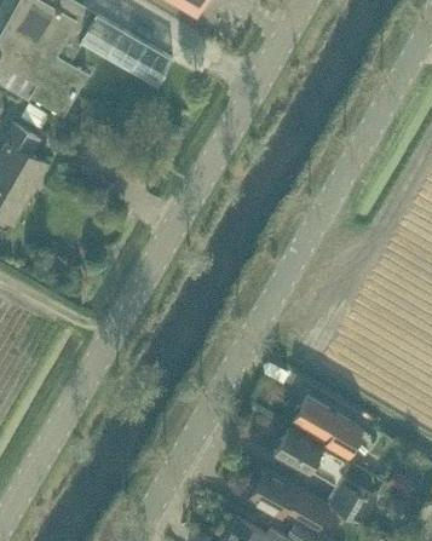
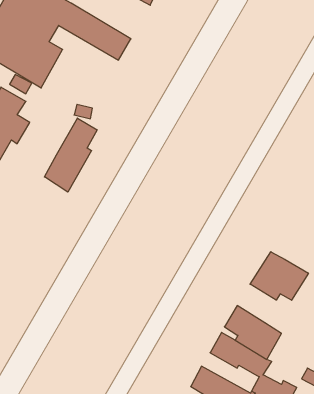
building: none -> [44,118,97,192]
building: none -> [250,252,308,300]

